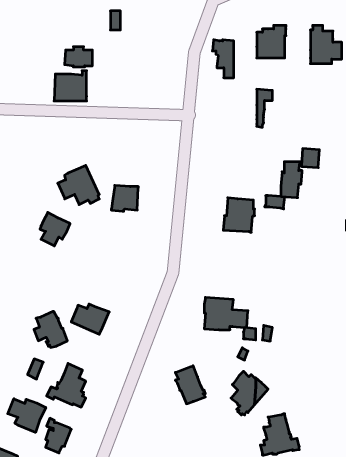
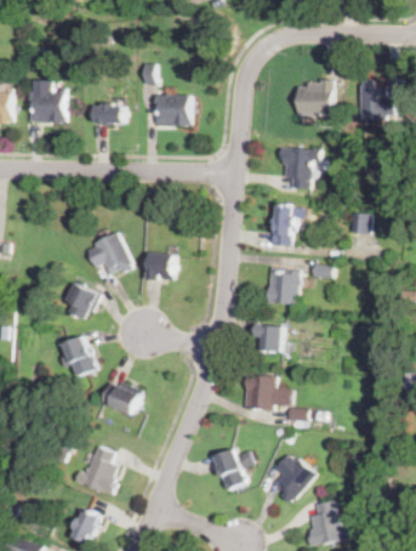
building: none -> [155,93,190,126]
building: [212,40,234,78] -> [279,147,302,188]
building: [54,71,87,101] -> [30,87,65,120]
building: [281,162,302,198] -> [272,206,295,245]
building: none -> [255,323,283,351]
building: [34,312,67,347] -> [59,336,96,375]
building: [8,399,46,432] -> none

